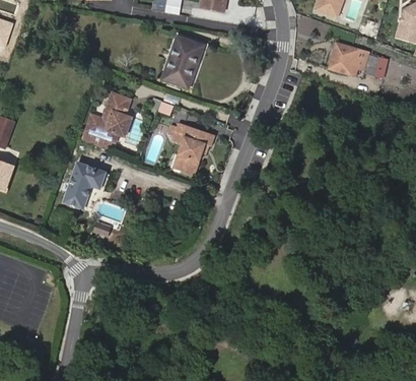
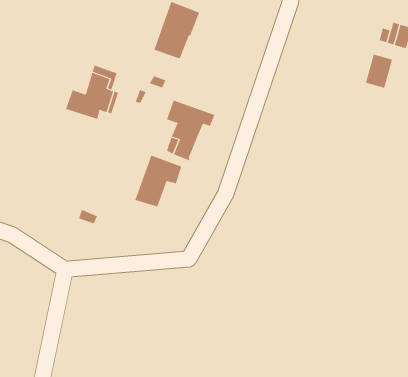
building: [330,43,354,73] -> [365,54,393,89]
building: [63,163,105,208] -> [135,155,182,207]

